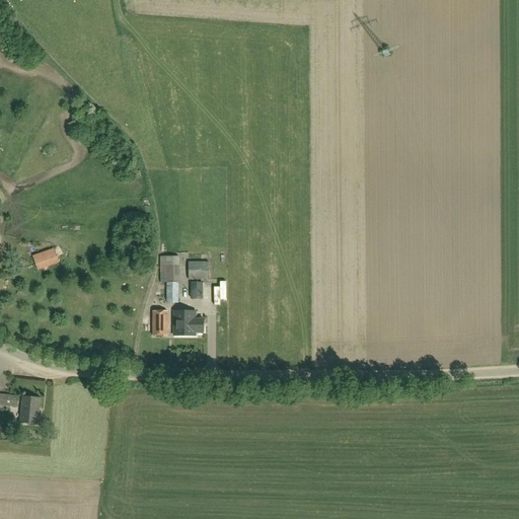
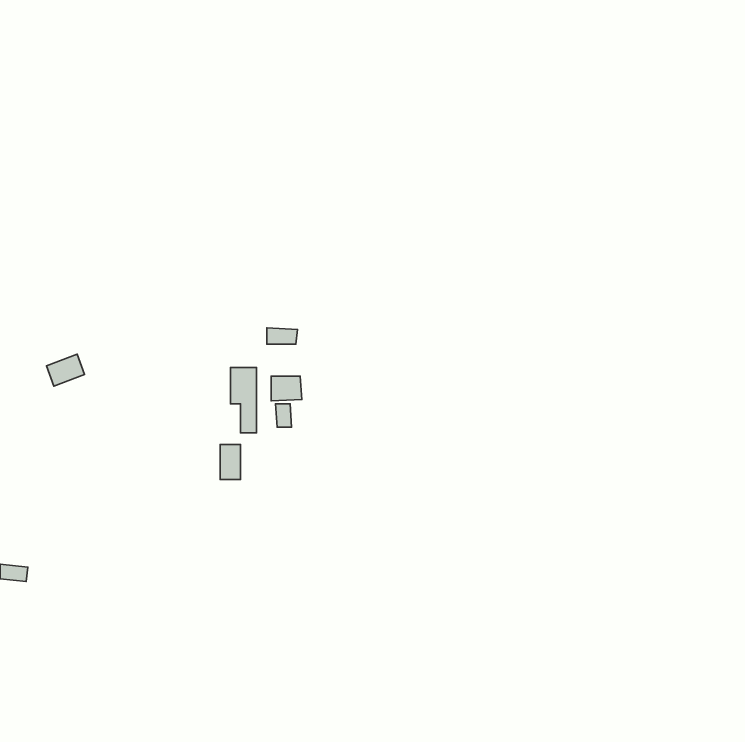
building: [173,309,204,335] -> none
building: [21,395,40,422] -> none

